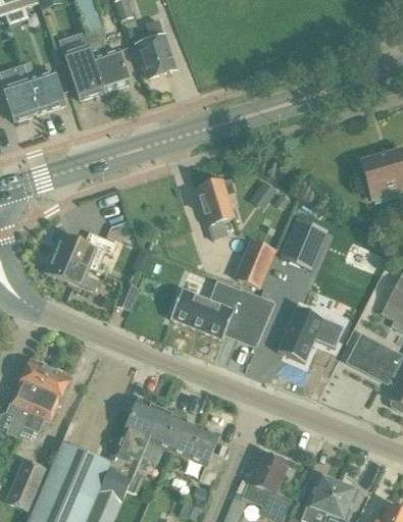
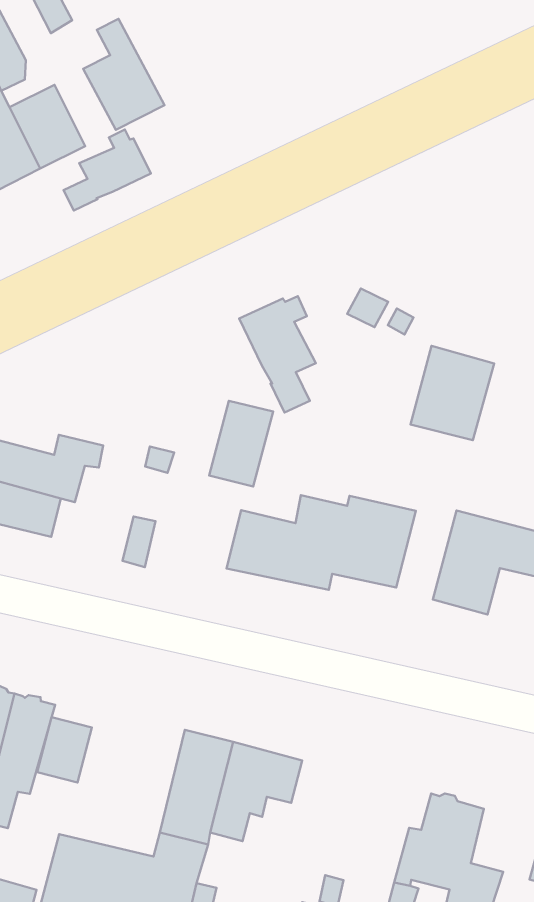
building: none -> [64,129,151,210]
building: [236,241,274,288] -> [209,401,273,486]
building: none -> [37,717,92,782]
building: [169,424,223,485] -> none

